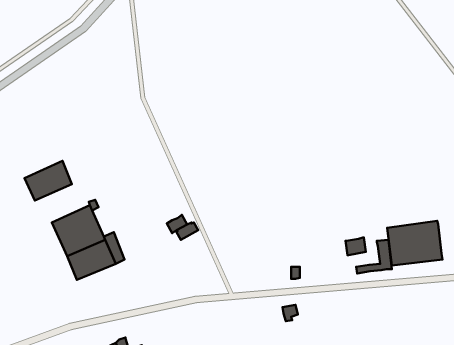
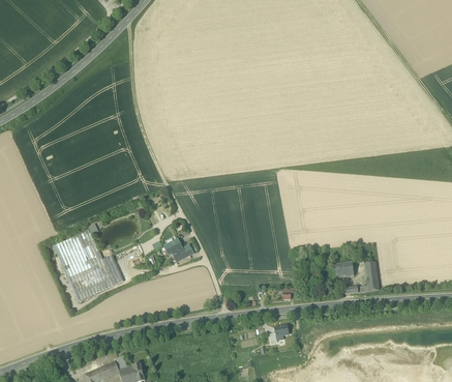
building: [25,161,72,200] -> none
building: [387,221,443,266] -> none

